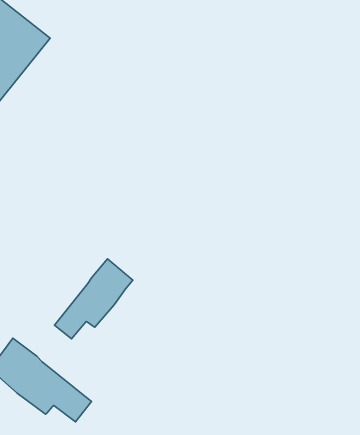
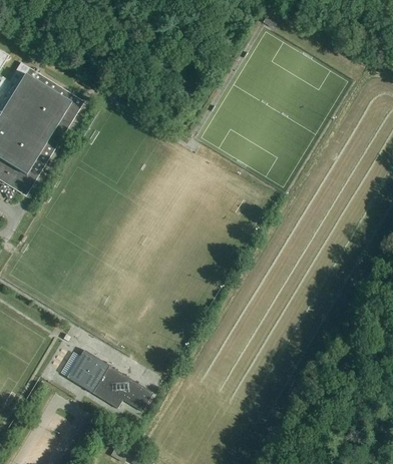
building: [54,259,133,339] -> none

